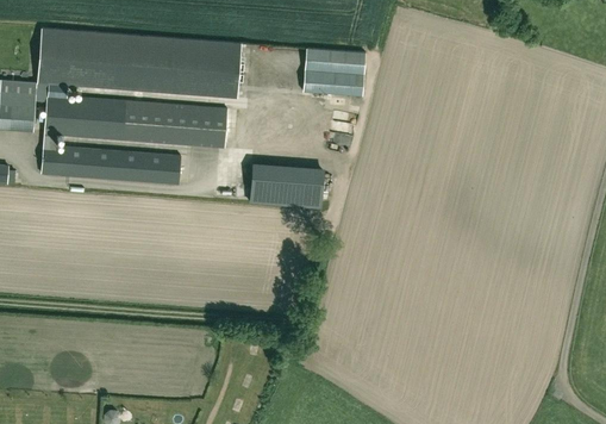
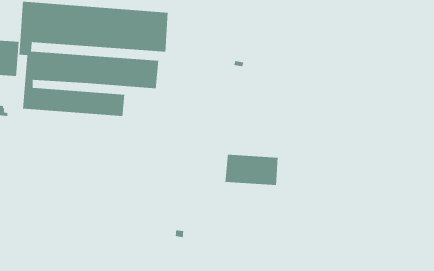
building: [302,49,364,96] -> none
building: [250,164,324,208] -> [224,154,278,186]

